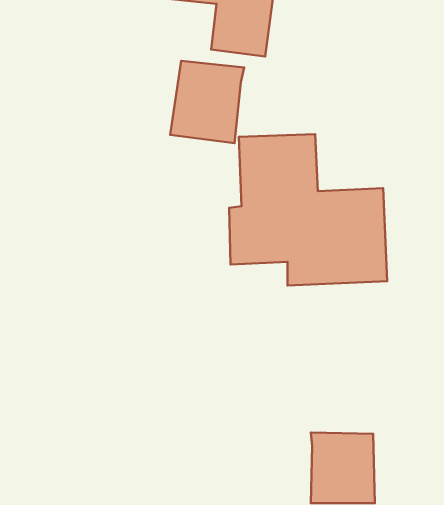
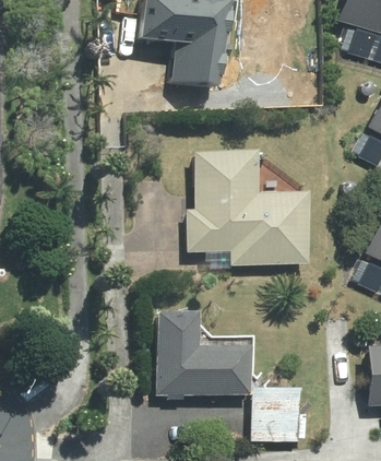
building: [170,61,244,143] -> none
building: none -> [154,308,254,395]

